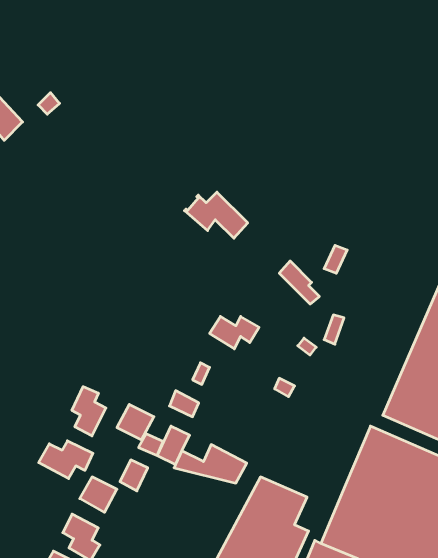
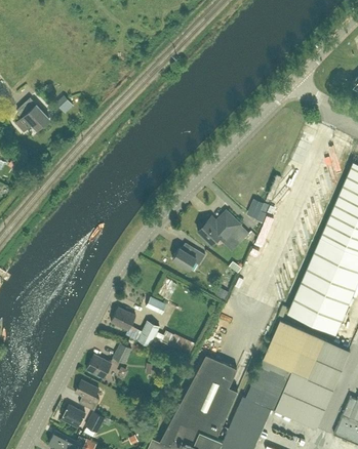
building: [184,192,248,238] -> [197,219,239,250]
building: [72,387,106,436] -> none
building: [39,441,93,479] -> none

